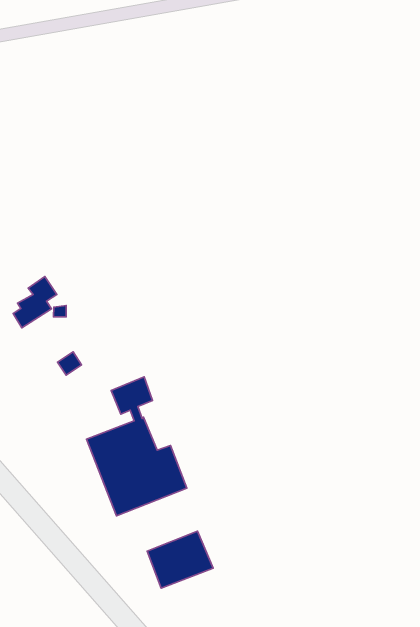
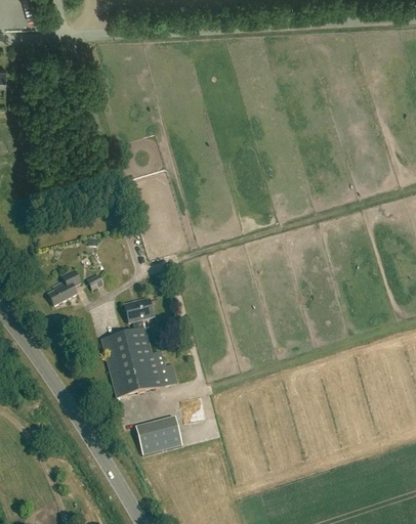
building: [13,276,57,328] -> [48,268,82,304]

